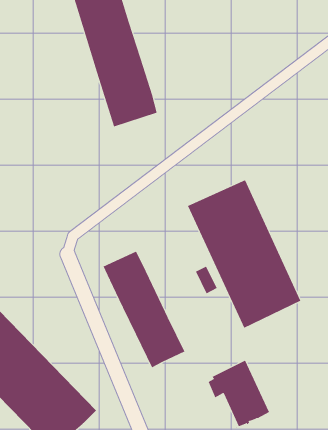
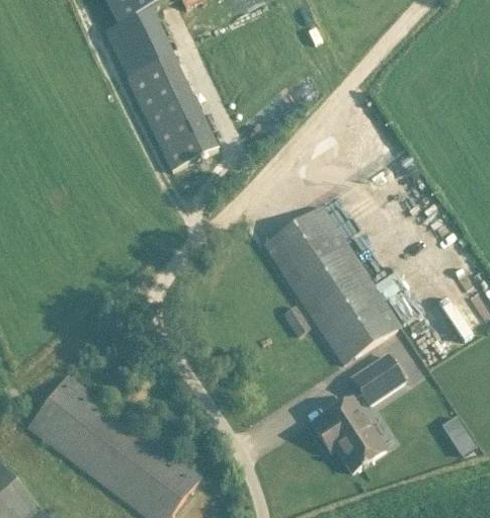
building: [103,251,185,368] -> none
building: none -> [351,351,406,402]

